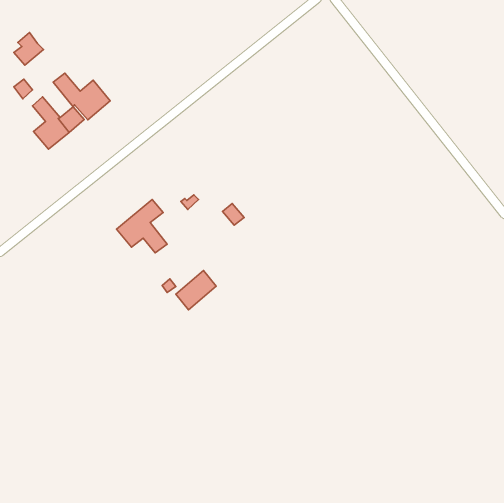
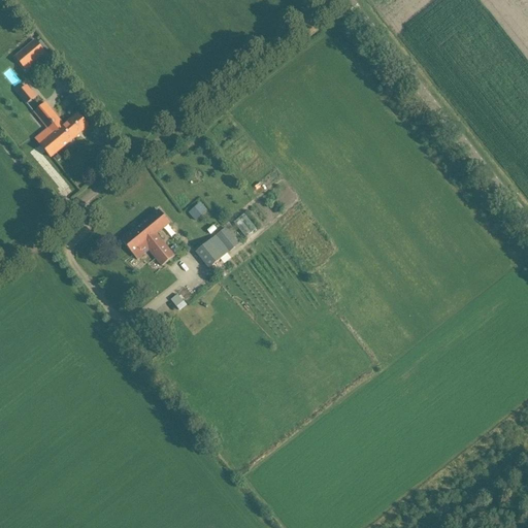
building: [53,73,110,120] -> none
building: [176,270,216,310] -> [197,226,239,267]

